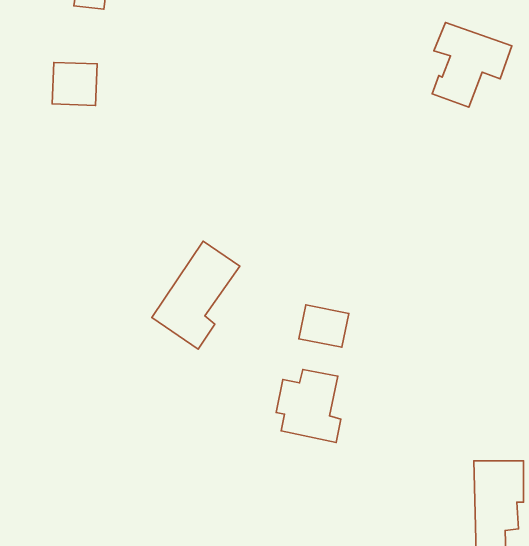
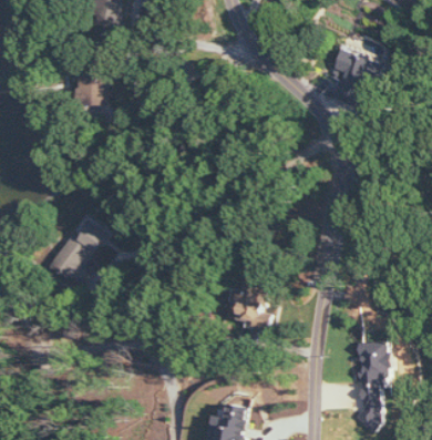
building: [152,241,240,349] -> [47,214,105,286]
building: [299,305,349,347] -> none

